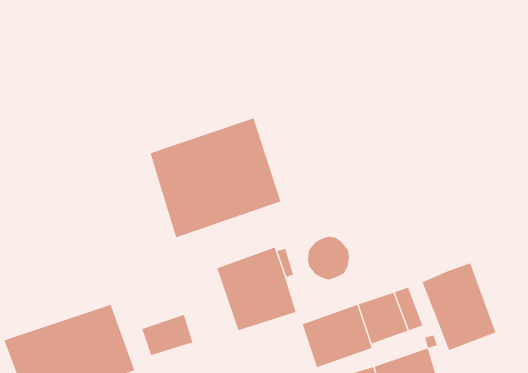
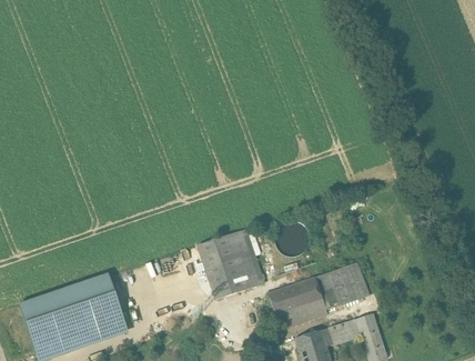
building: [150,118,281,238] -> none
building: [422,262,496,351] -> none
building: [141,314,193,356] -> none

